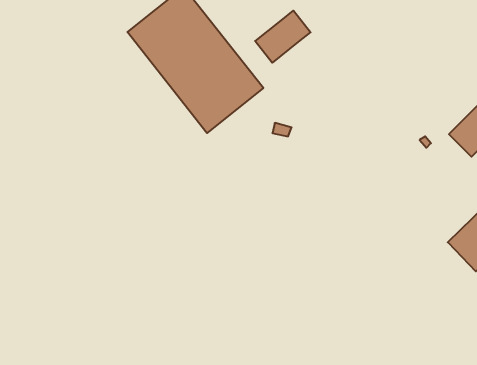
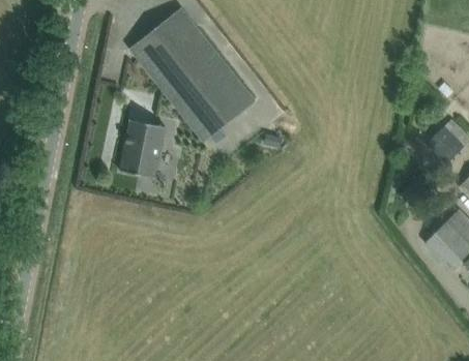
building: [255,11,311,63] -> none
building: none -> [120,119,168,177]

